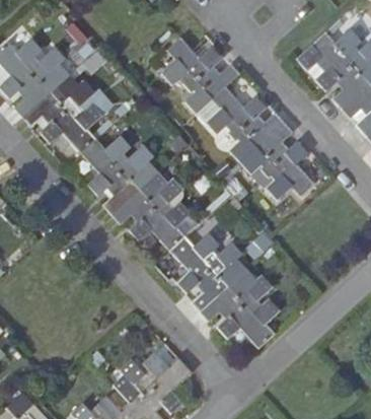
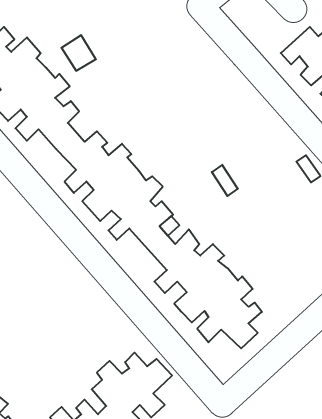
building: [162,36,315,200] -> none

